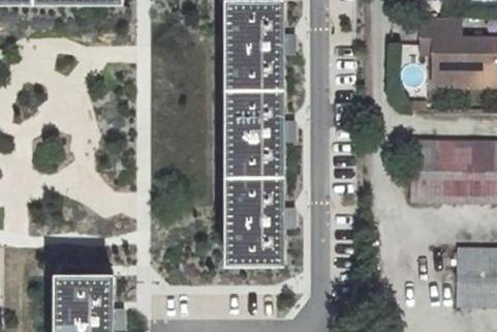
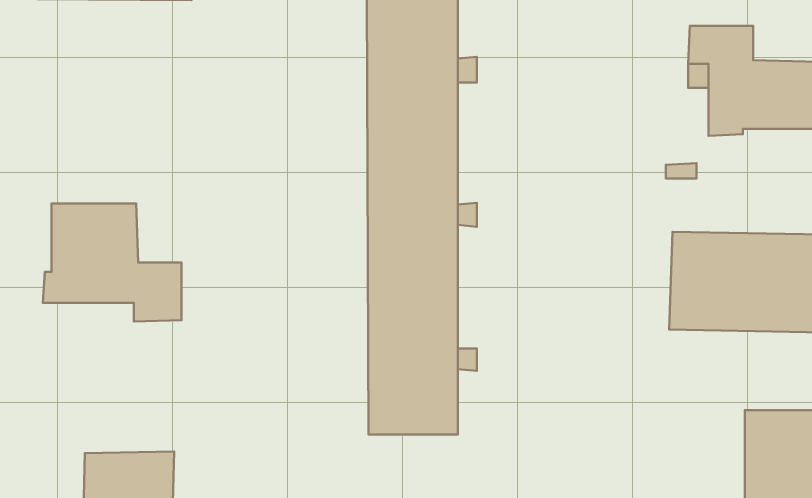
building: none -> [43,203,182,322]

